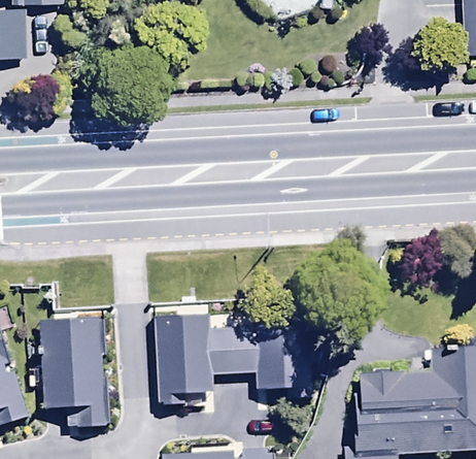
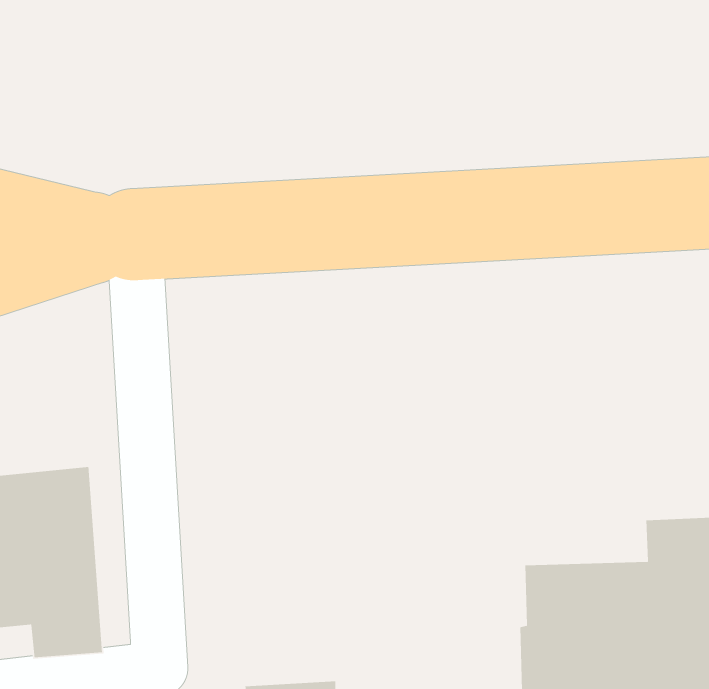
building: [155,312,310,408] -> none

